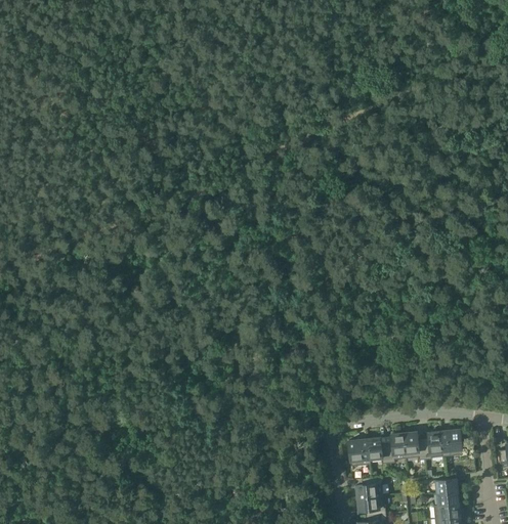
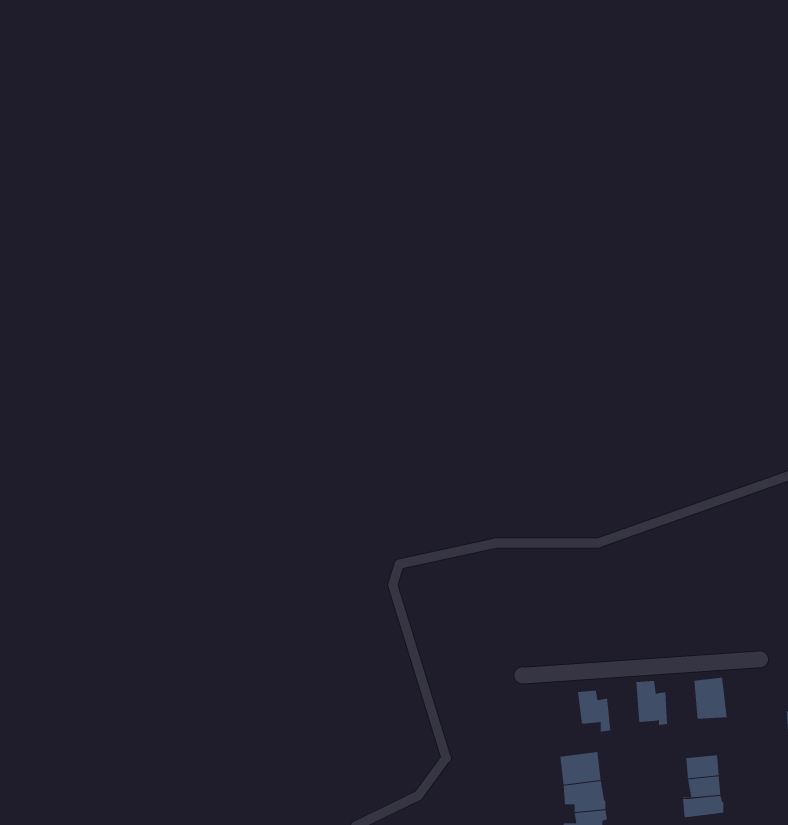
building: [424,431,443,458] -> none
building: [387,432,407,463] -> none
building: [349,438,371,466] -> none

